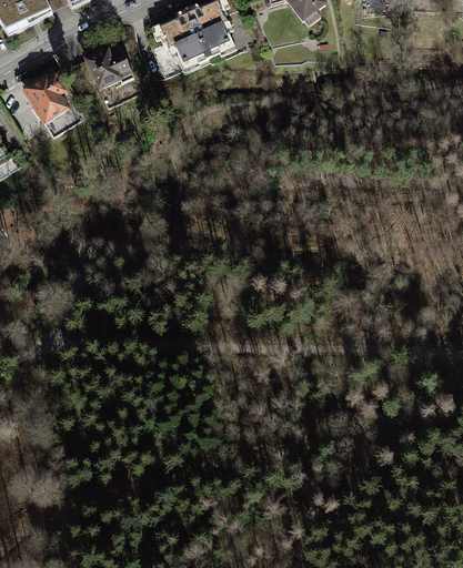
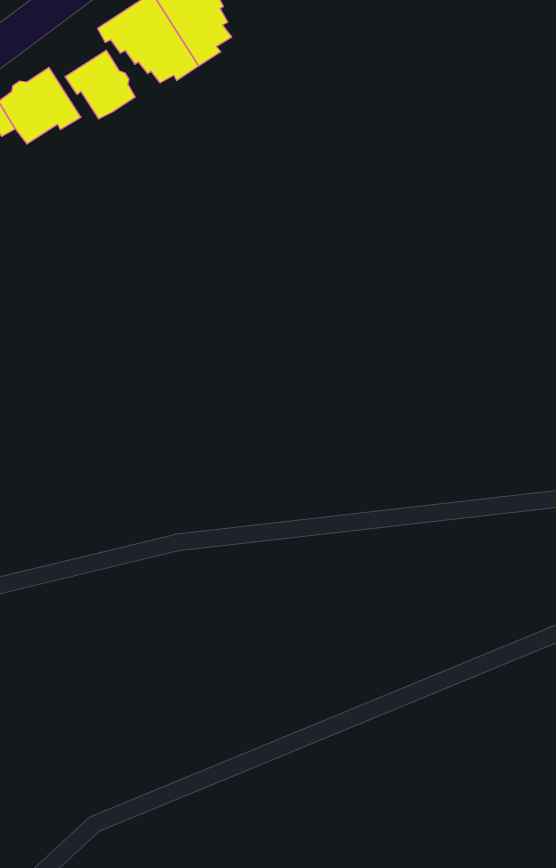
building: none -> [65,50,135,119]

